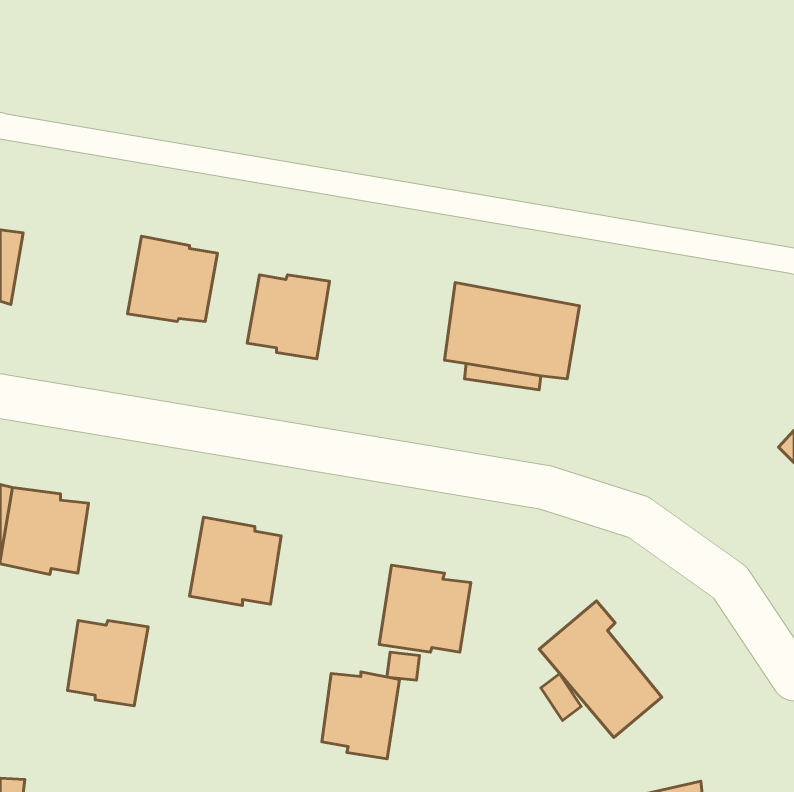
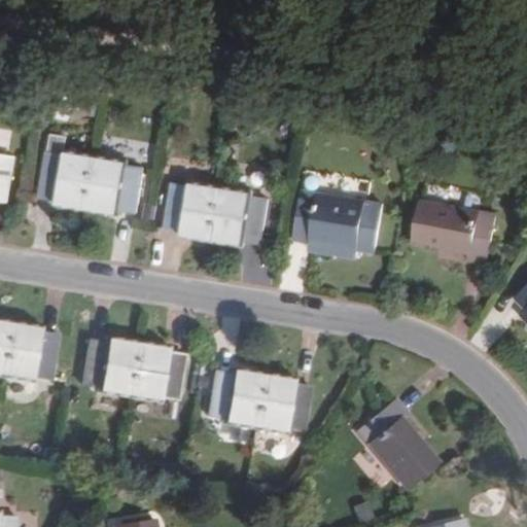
building: none -> [39,152,94,209]
building: none -> [413,185,497,264]
building: none -> [210,187,269,245]
building: [67,621,148,706] -> [81,340,135,396]
building: [322,672,400,759] -> [208,371,259,428]

